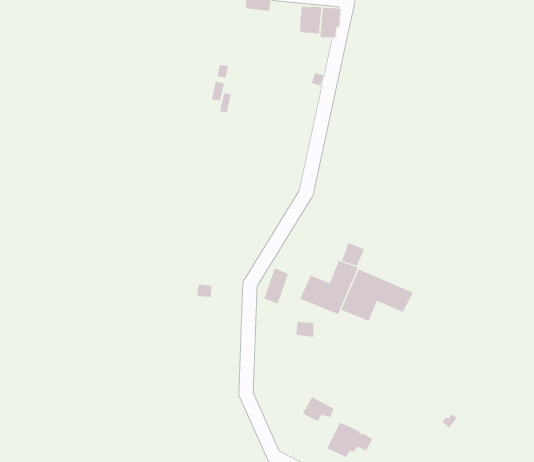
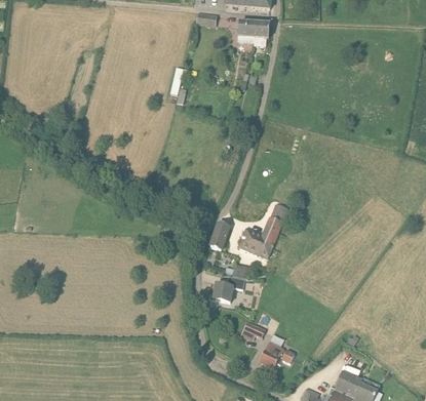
building: [341,269,413,322] -> none
building: none -> [214,276,244,302]

